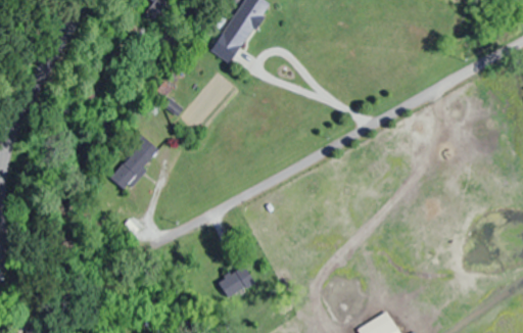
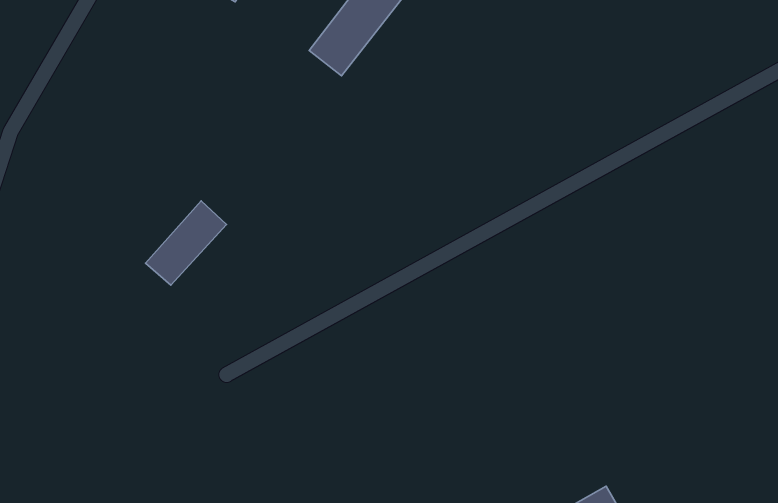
building: [217,266,254,298] -> none

